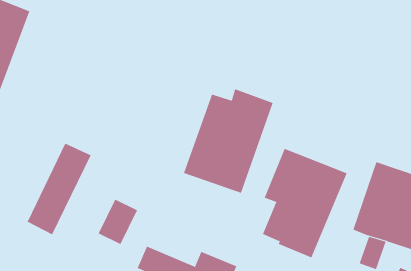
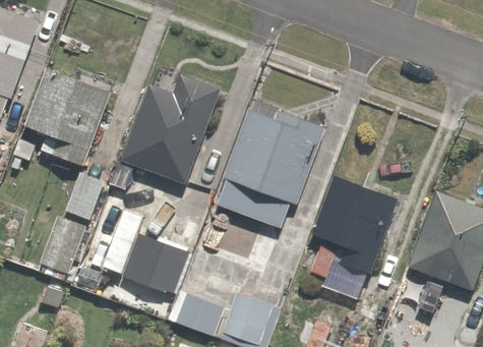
building: none -> [19,61,115,152]
building: none -> [120,74,225,186]

